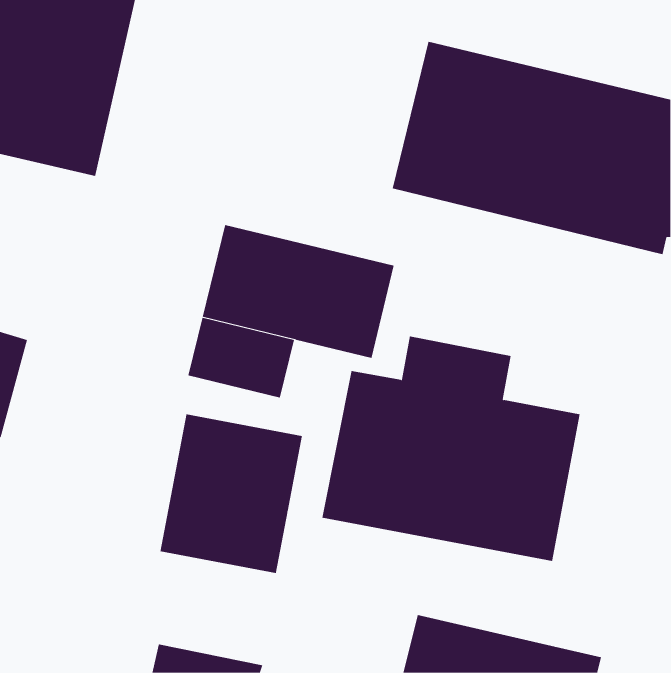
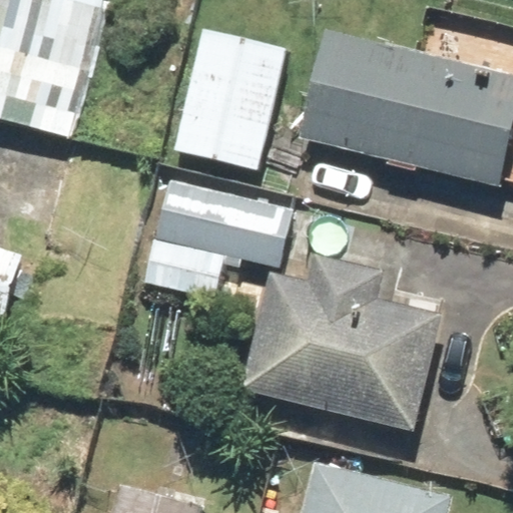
building: none -> [173,27,289,173]
building: [160,414,302,574] -> none

